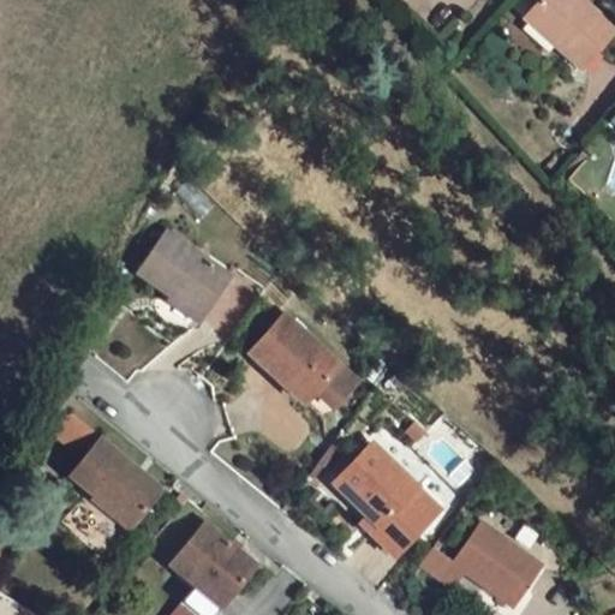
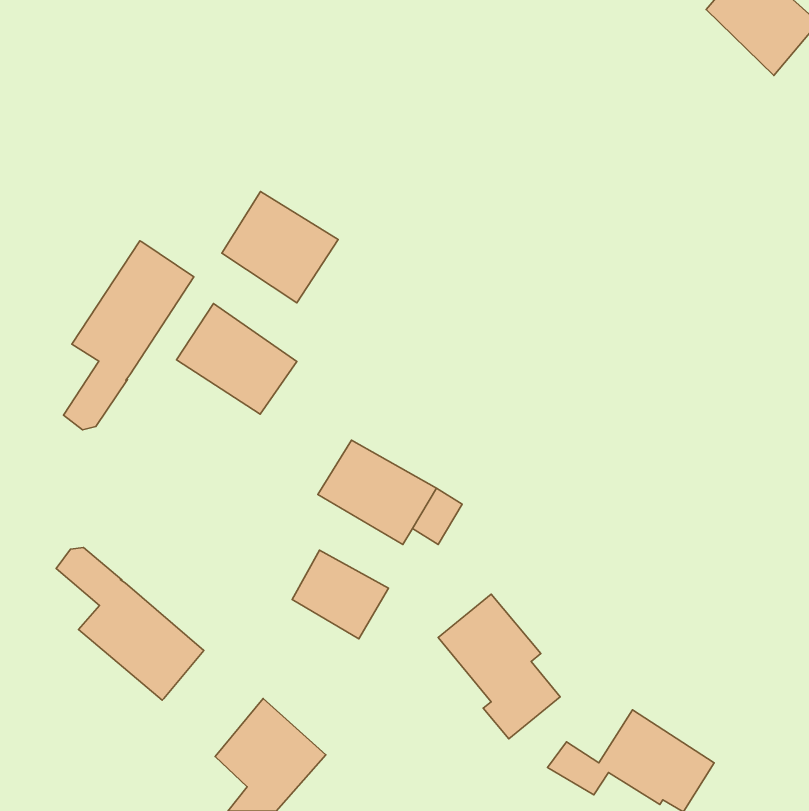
building: none -> [222,192,338,303]
building: none -> [64,241,194,430]
building: none -> [292,550,388,639]

